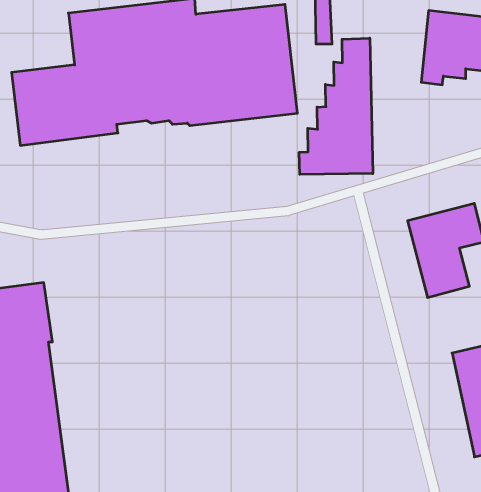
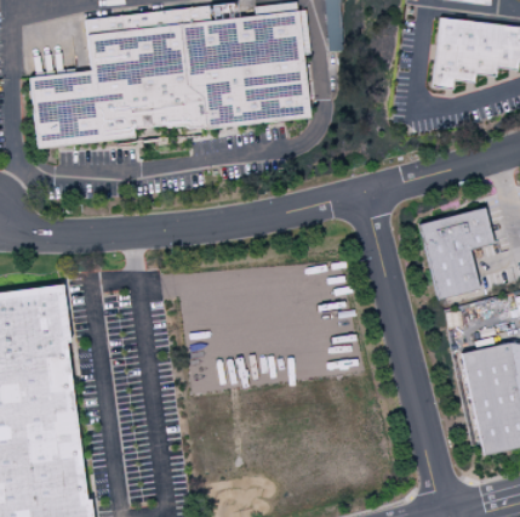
building: [299,38,373,174] -> none

